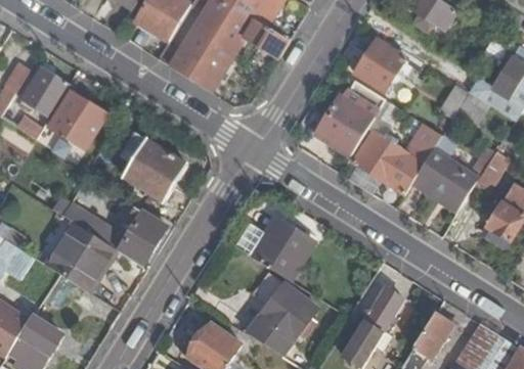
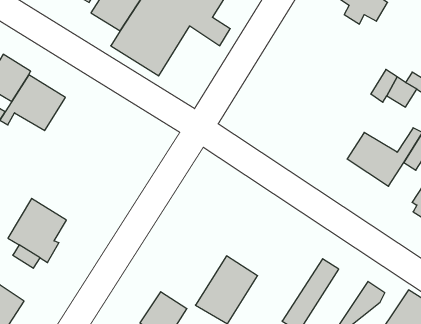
building: [353,36,407,92] -> none
building: [315,93,375,155] -> none
building: [353,125,442,193] -> none
building: [119,131,185,200] -> none
building: [62,204,165,265] -> none
building: [251,217,315,282] -> none

